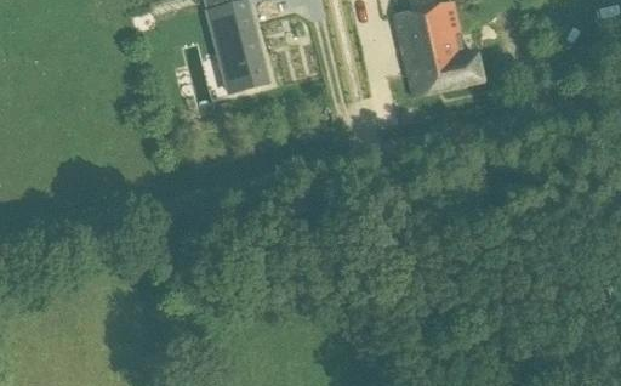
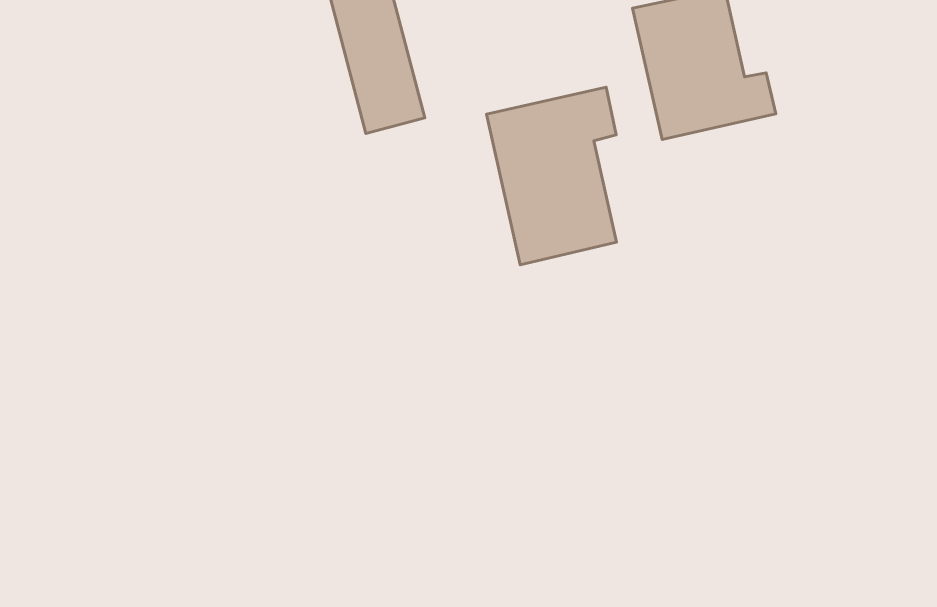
building: none -> [486,87,617,265]

